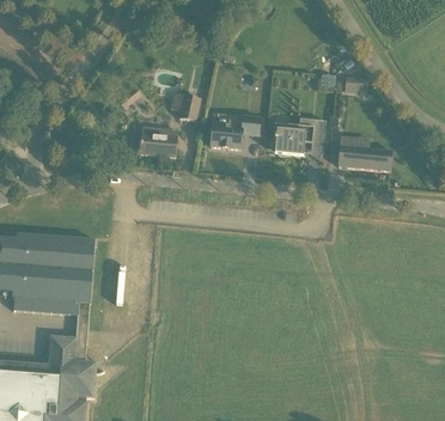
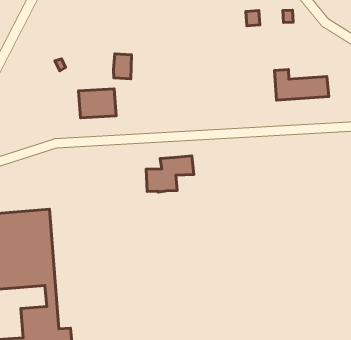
building: [208,114,258,148] -> [146,156,194,192]
building: [270,118,323,154] -> none

